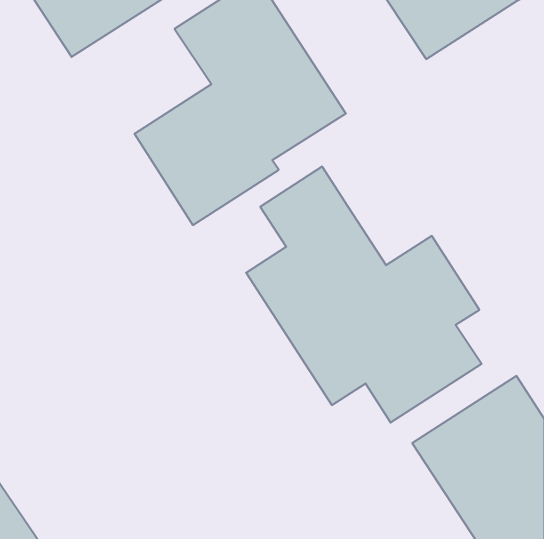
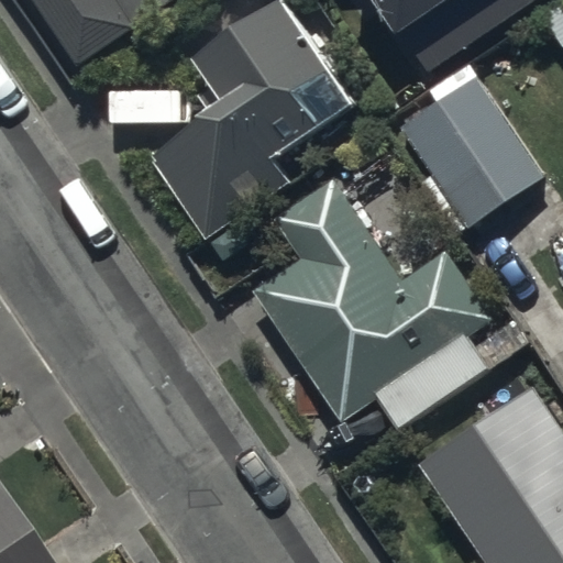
building: none -> [393,68,545,230]

